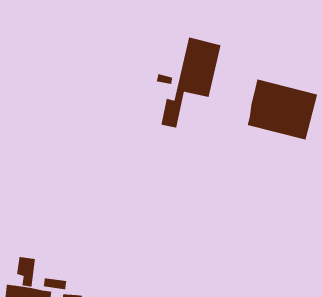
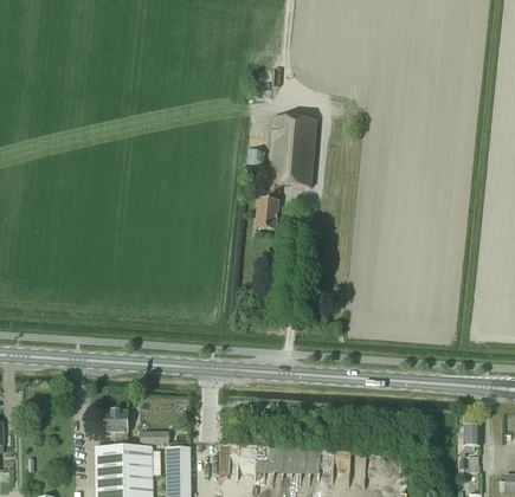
building: [247,79,318,141] -> none

